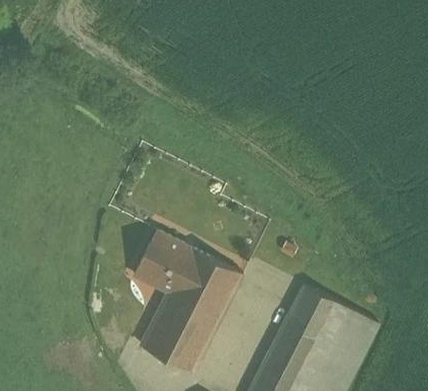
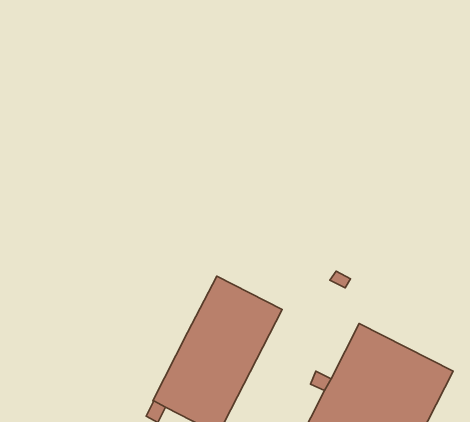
building: [131,229,188,292] -> none

